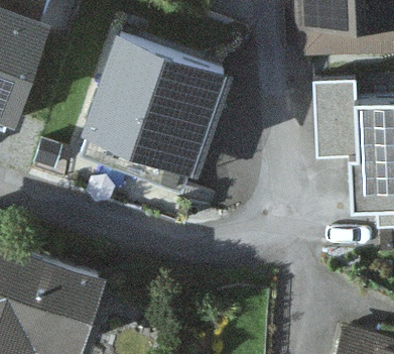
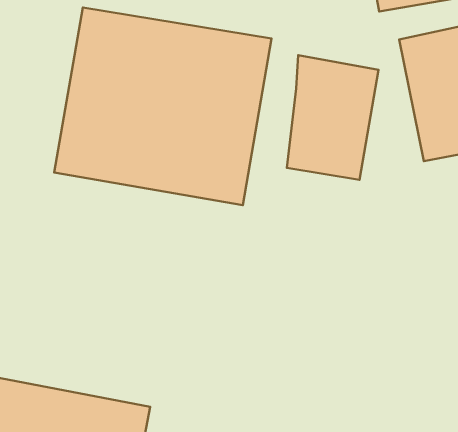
building: none -> [287,55,379,180]

